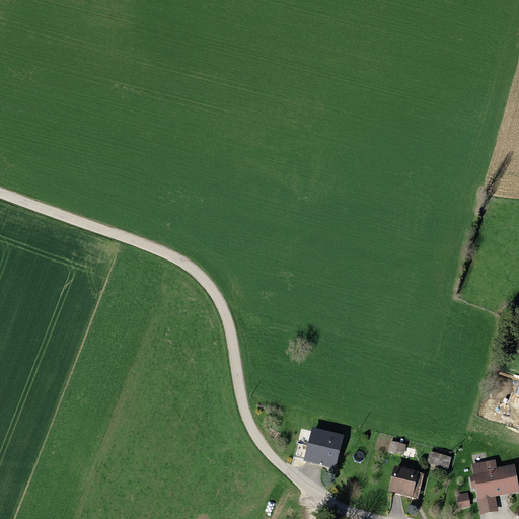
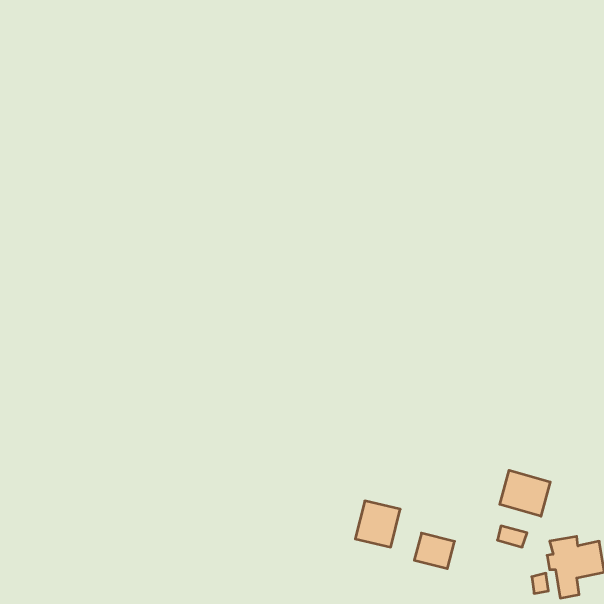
building: none -> [500,470,550,516]
building: [389,466,424,497] -> [414,533,455,569]

